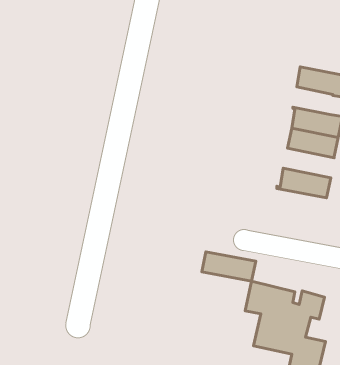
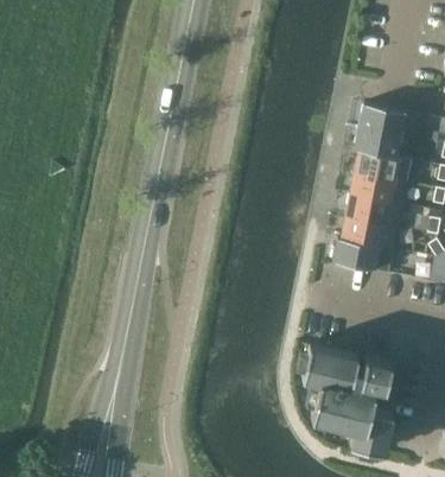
building: none -> [355,127,400,158]
building: none -> [344,196,401,229]
building: [202,252,256,281] -> [332,241,393,274]

